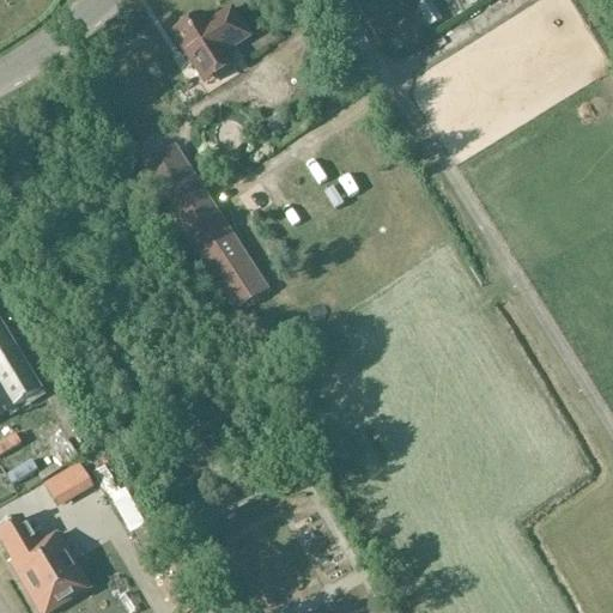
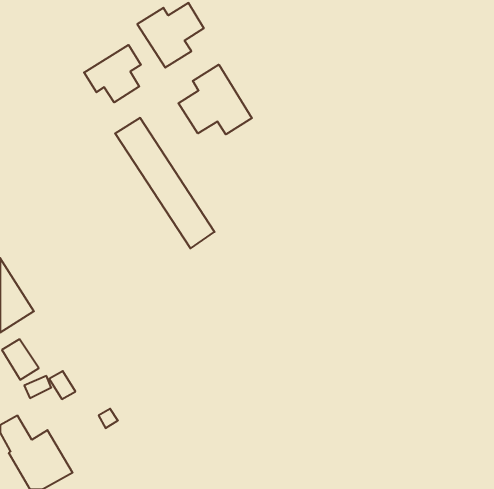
building: none -> [84,45,141,102]
building: none -> [178,65,252,134]

